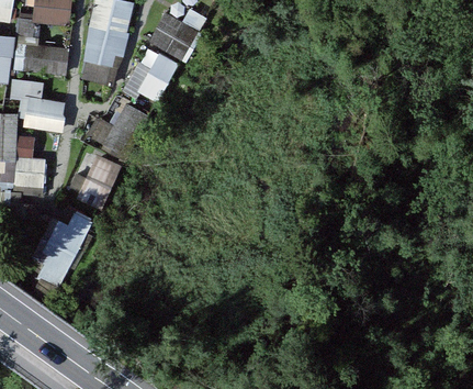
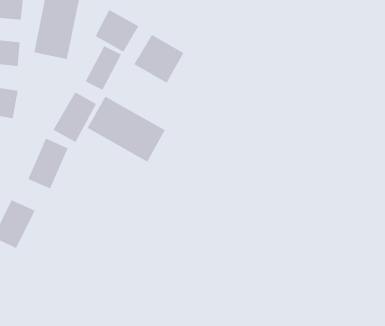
building: none -> [133,34,184,83]
building: none -> [87,96,166,163]

